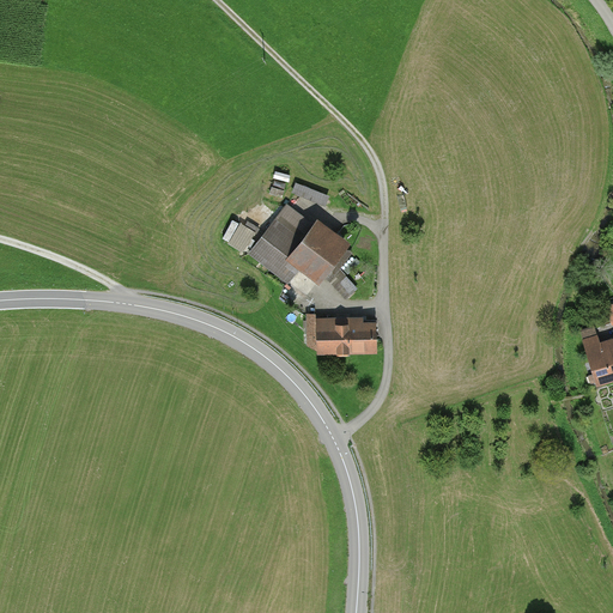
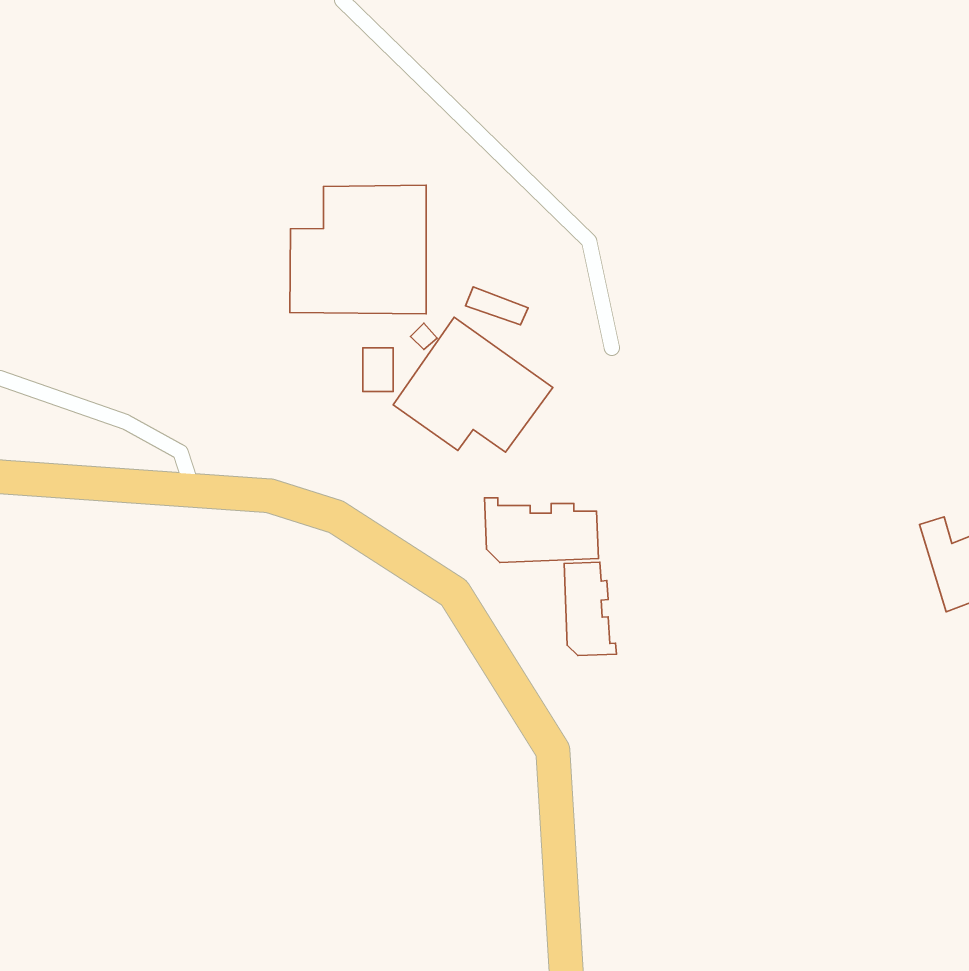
building: none -> [290,185,426,314]
building: none -> [564,562,616,655]

